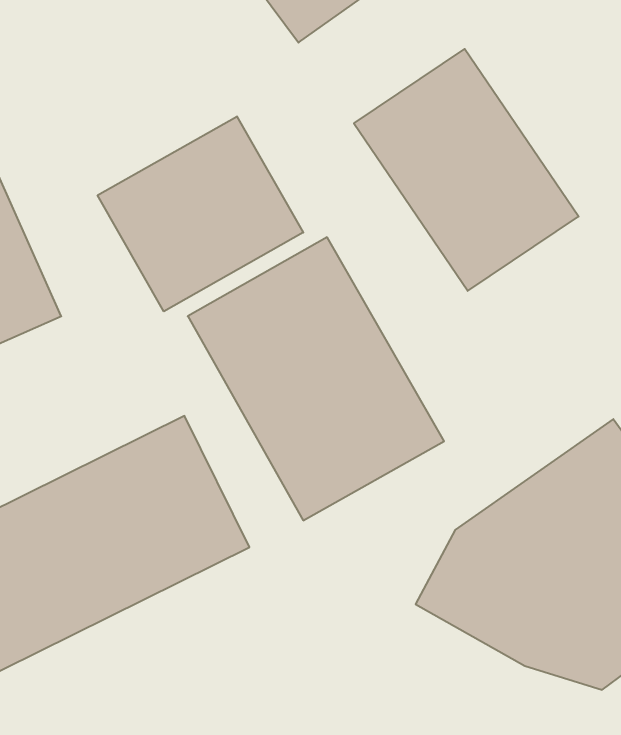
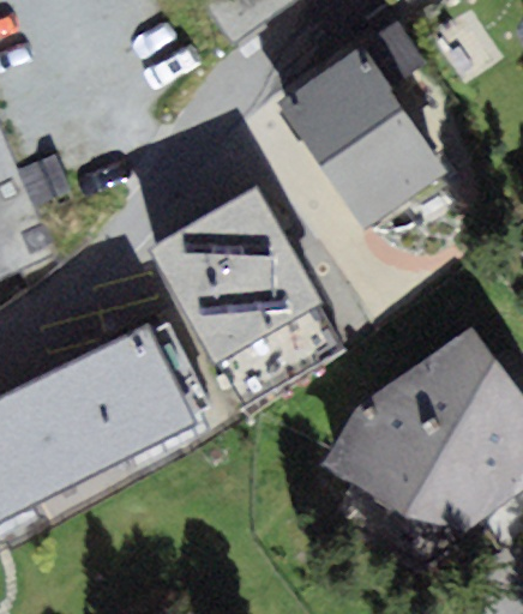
building: [98,116,303,311] -> none

